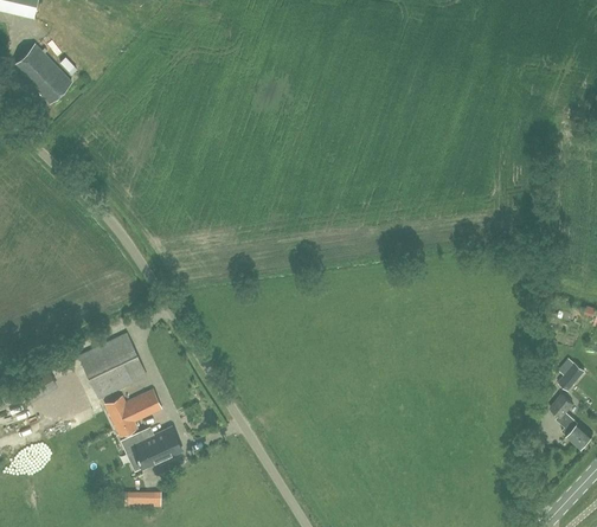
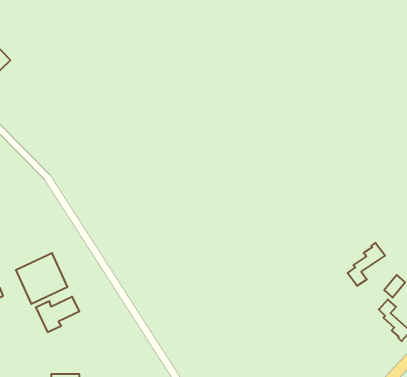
building: none -> [348,243,385,286]
building: [120,428,181,467] -> none

